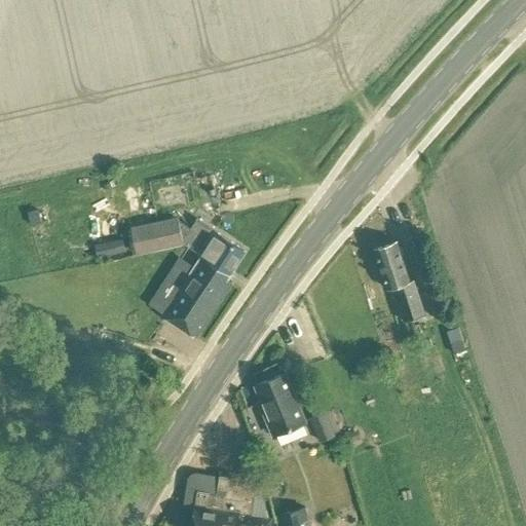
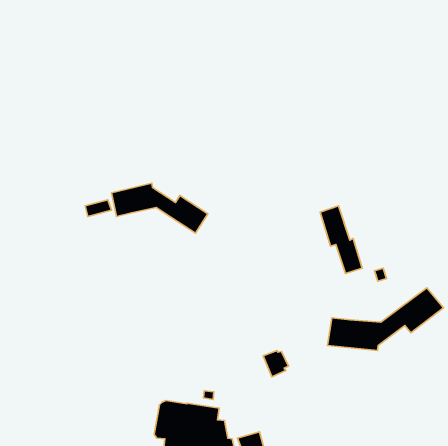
building: [155,257,231,339] -> none
building: none -> [327,288,444,351]
building: [257,375,306,436] -> none

